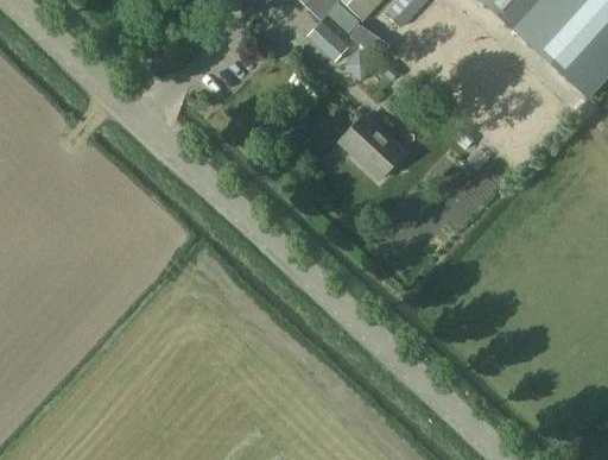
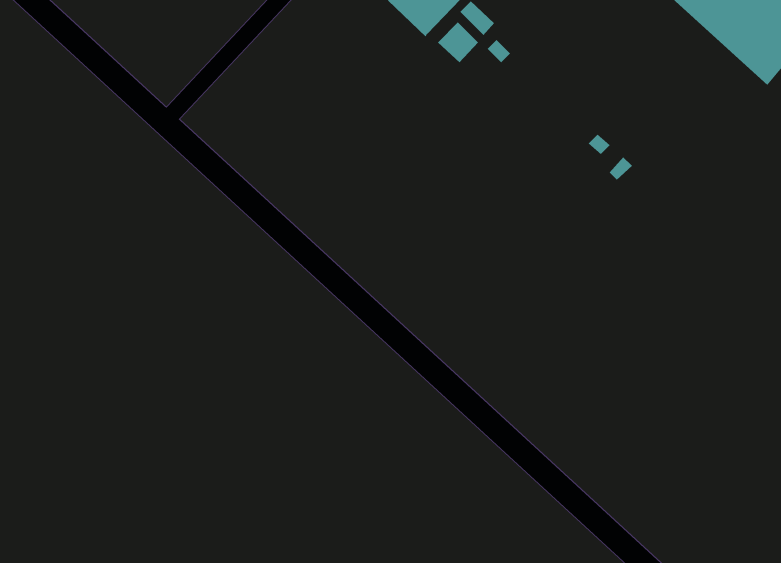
building: [342,114,406,177] -> none

